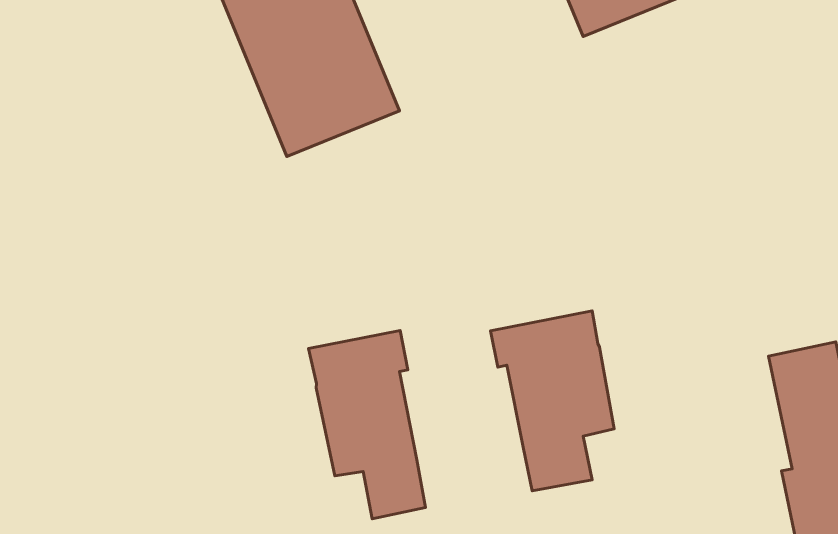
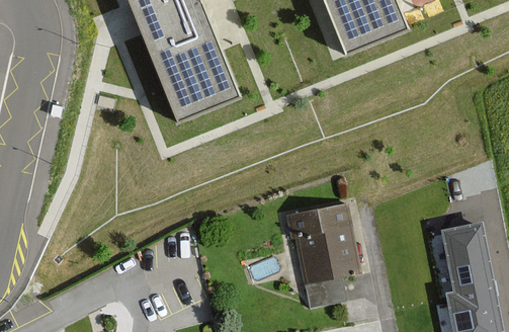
building: [309,330,426,519] -> none

